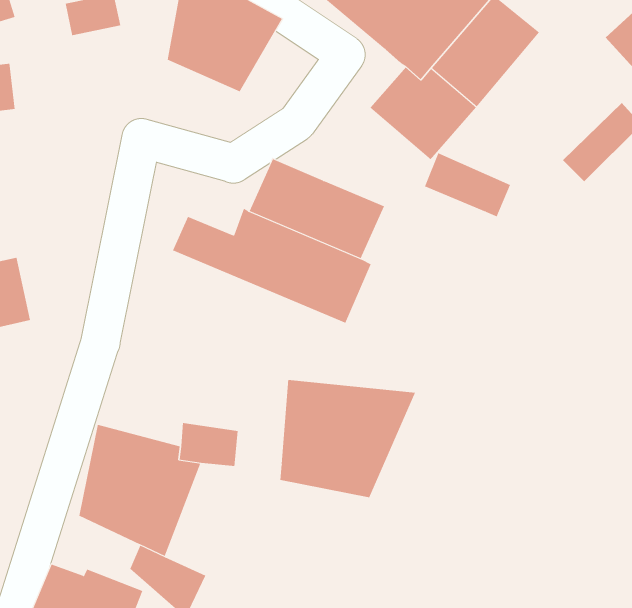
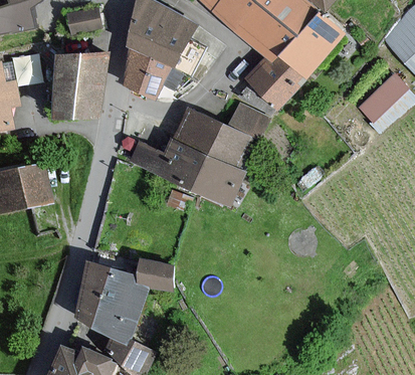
building: none -> [122,48,181,99]
building: none -> [52,55,102,117]
building: [424,152,511,217] -> [219,100,270,138]
building: [280,379,416,498] -> none

